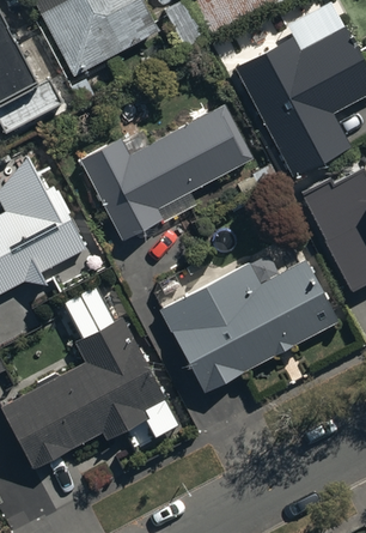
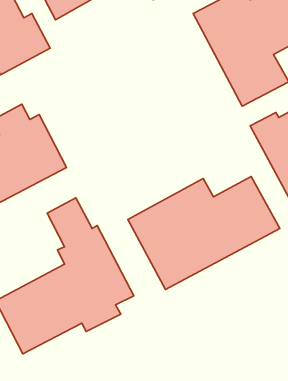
building: [83,107,257,242] -> none

